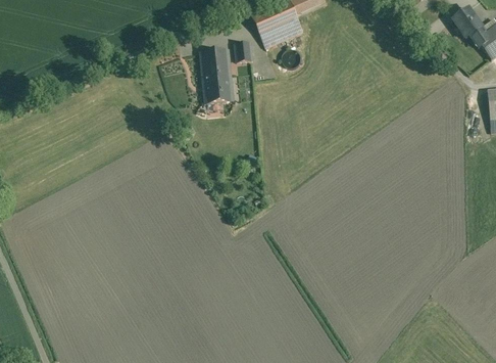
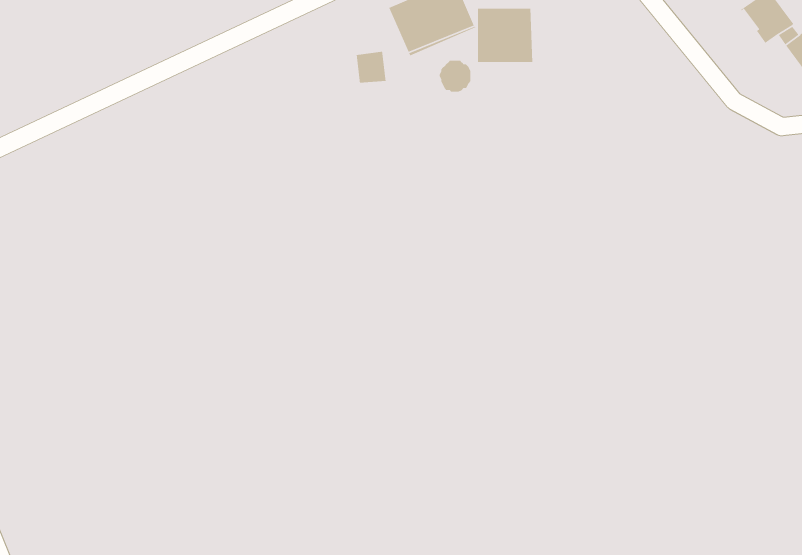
building: none -> [477,8,533,63]
building: [201,50,232,101] -> none

